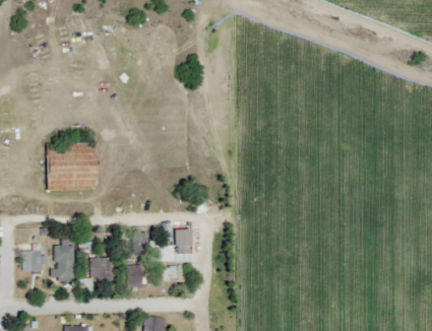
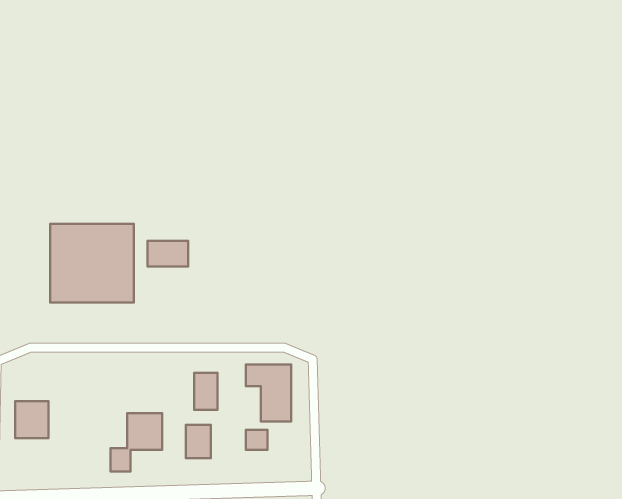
building: none -> [147,241,188,267]
building: [56,246,74,280] -> none

